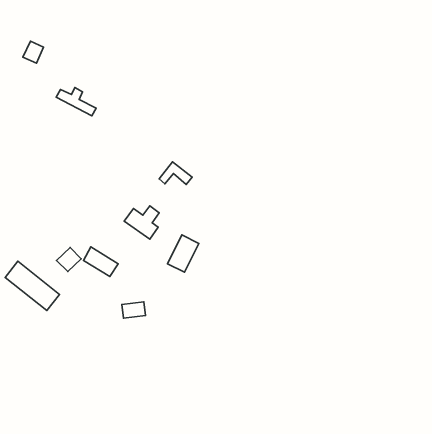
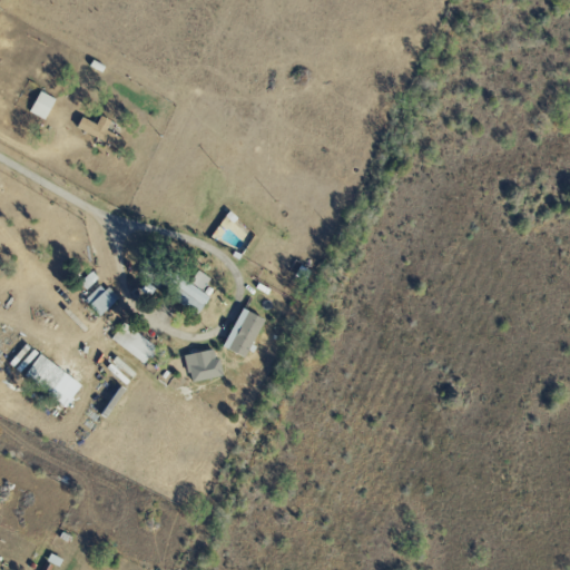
building: [23,41,43,63] -> [30,91,57,120]
building: [57,248,81,271] -> [86,285,118,316]
building: [122,302,146,318] -> [186,351,217,372]

